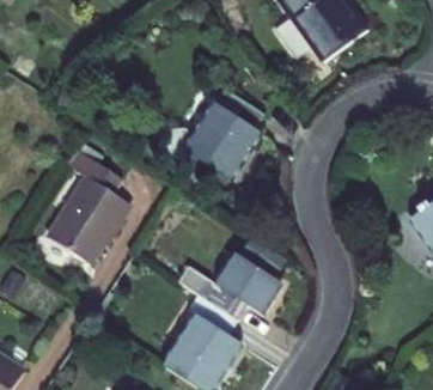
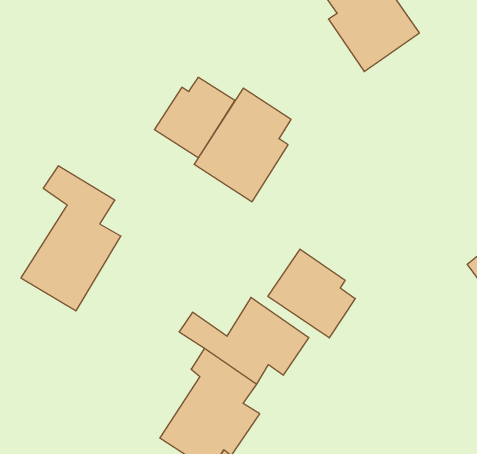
building: none -> [154,77,235,158]
building: none -> [268,249,355,338]

